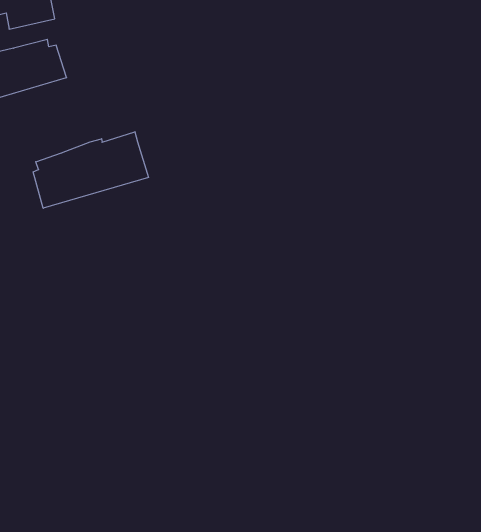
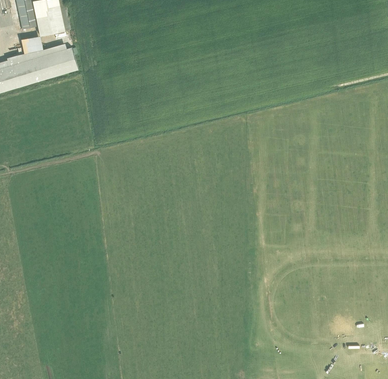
building: [33,132,148,208] -> none

